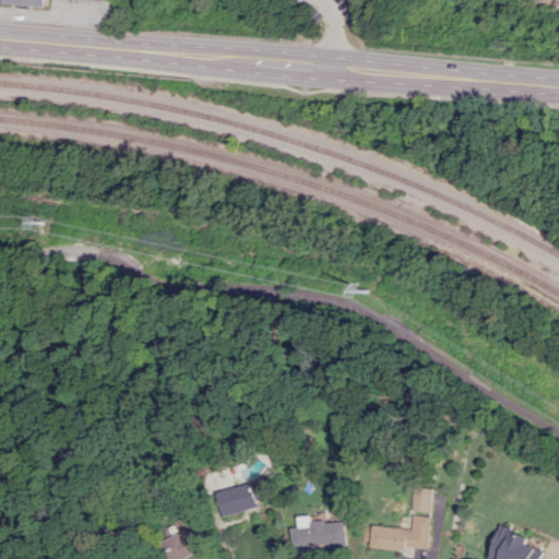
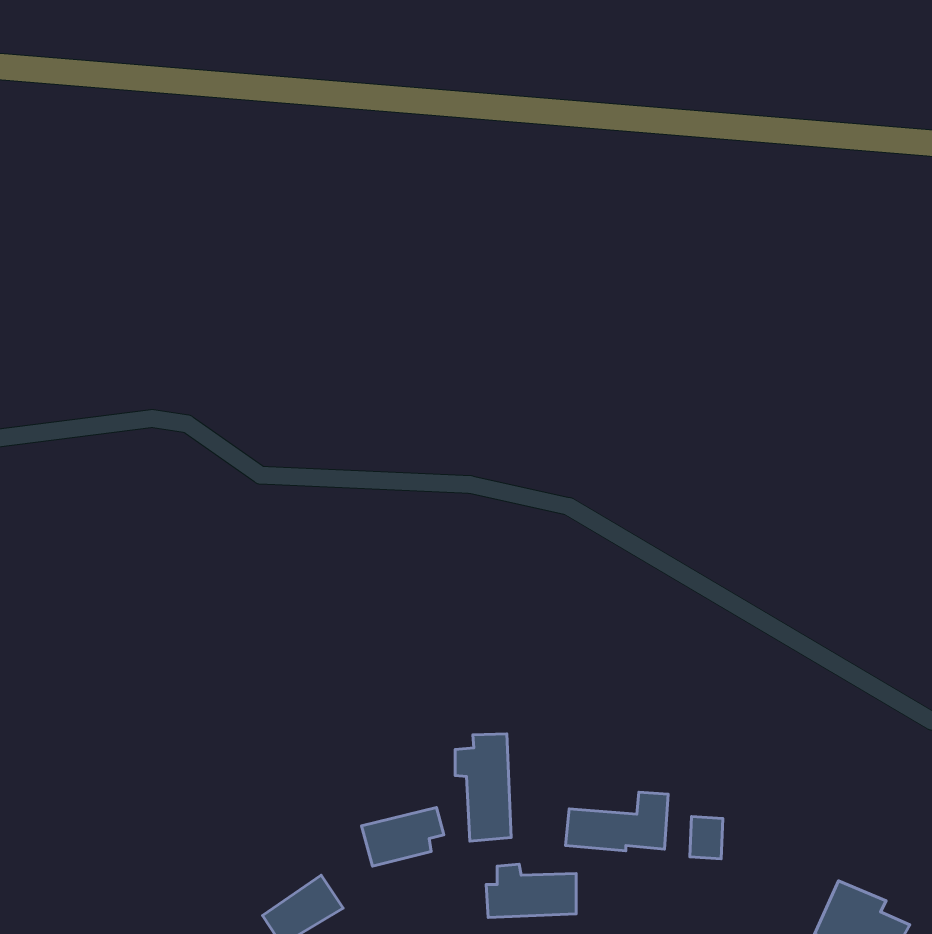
building: none -> [455,734,511,841]
building: [367,516,428,551] -> [565,792,668,851]

